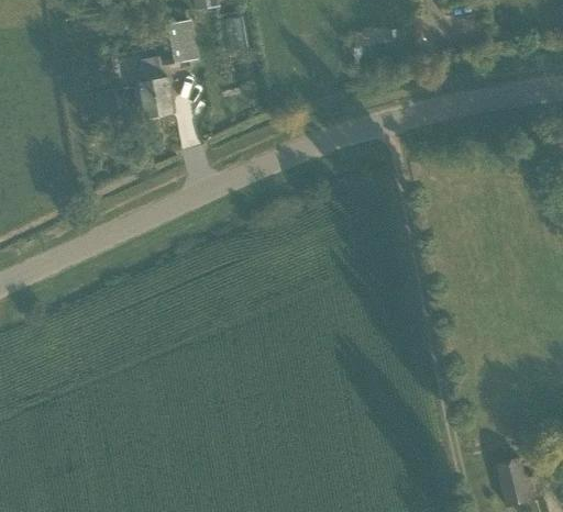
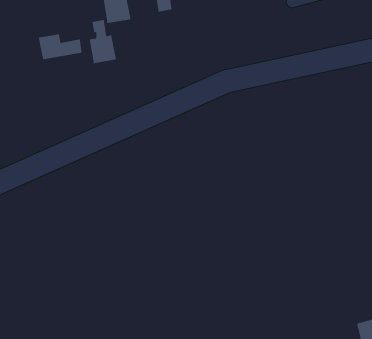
building: none -> [38,34,82,60]

